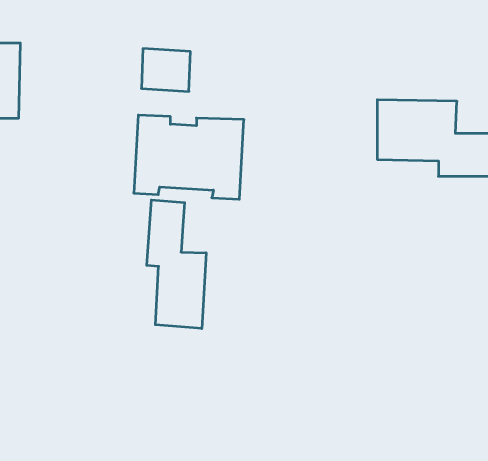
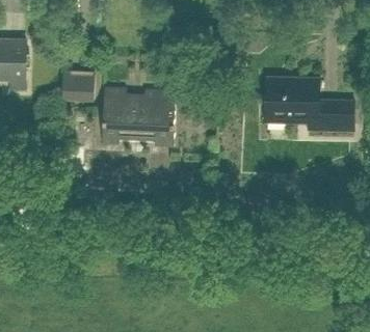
building: [141,49,190,91] -> [62,71,96,100]
building: [147,200,206,329] -> none

